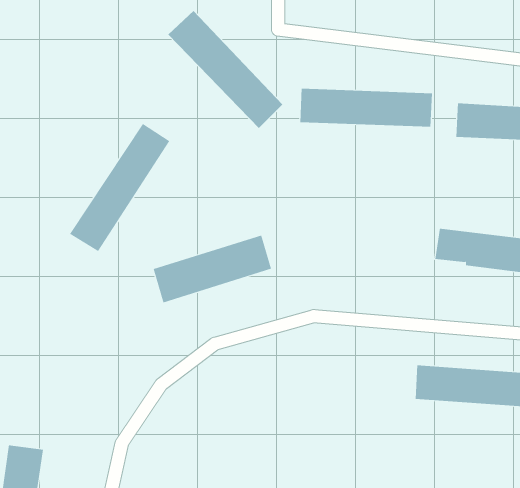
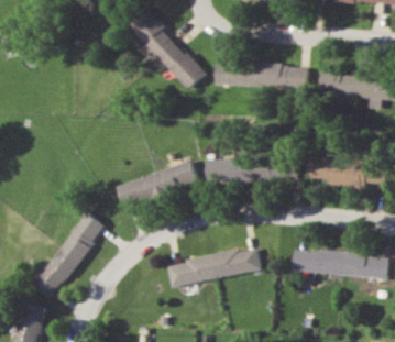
building: [69,123,170,252] -> [34,212,102,299]
building: none -> [207,157,287,185]
building: none -> [168,250,261,286]

